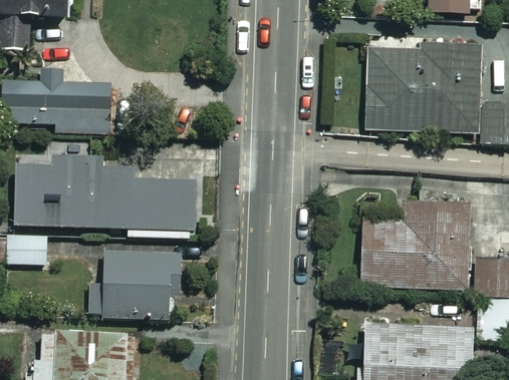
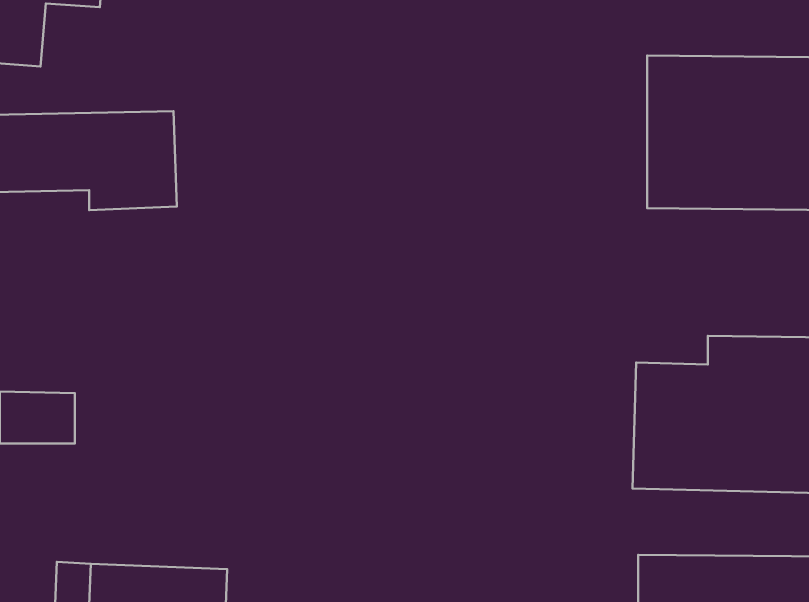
building: [14,157,197,238] -> none
building: [89,250,176,318] -> none

